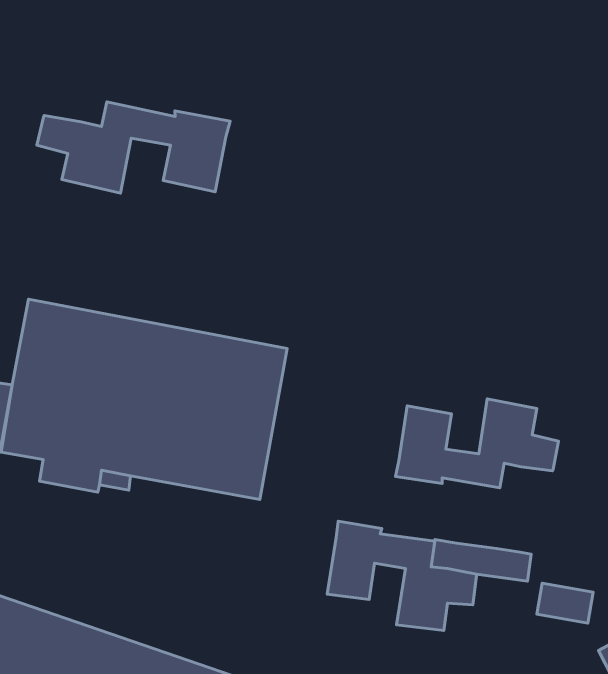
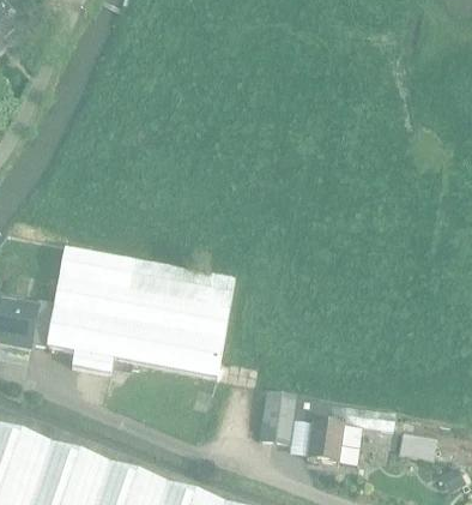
building: [37,102,230,193] -> none
building: [396,399,559,488] -> none

